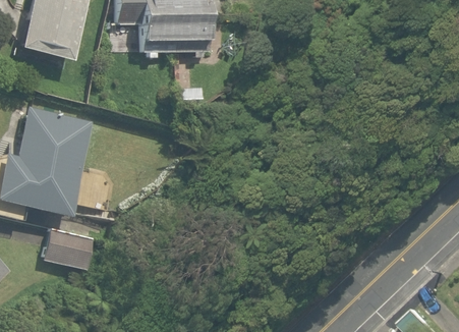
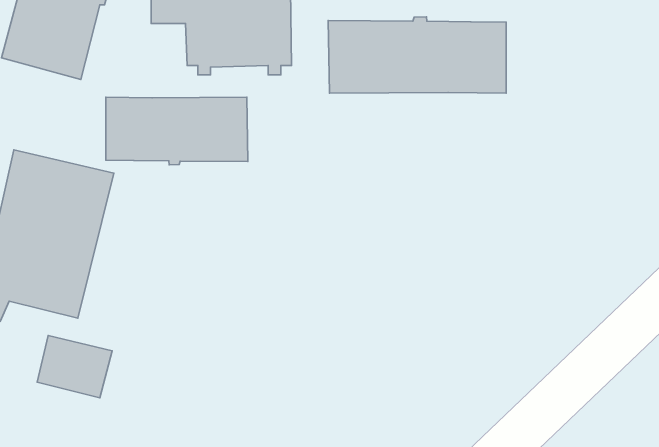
building: none -> [328,17,506,93]
building: none -> [106,97,248,165]

